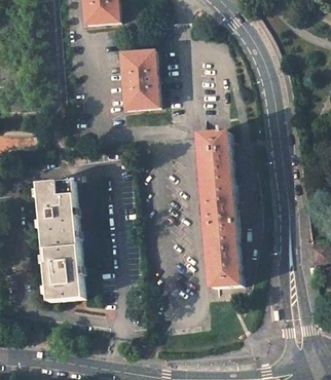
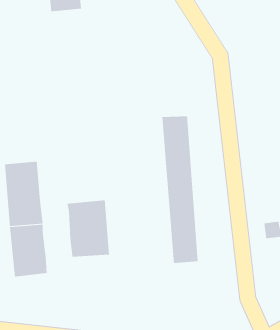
building: [119,49,156,109] -> none
building: none -> [67,200,110,257]

